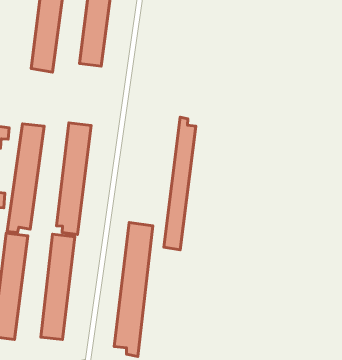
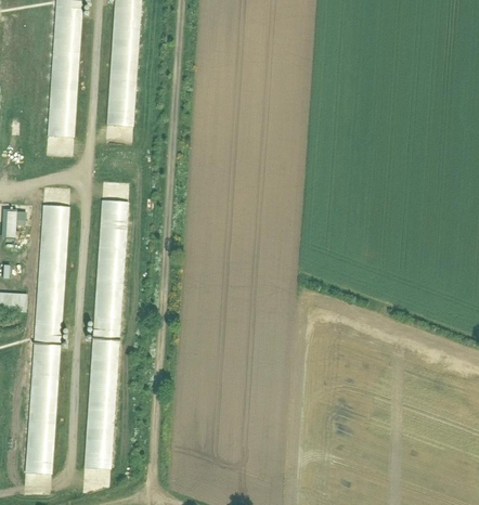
building: [164,117,196,250] -> none
building: [114,222,153,356] -> none

